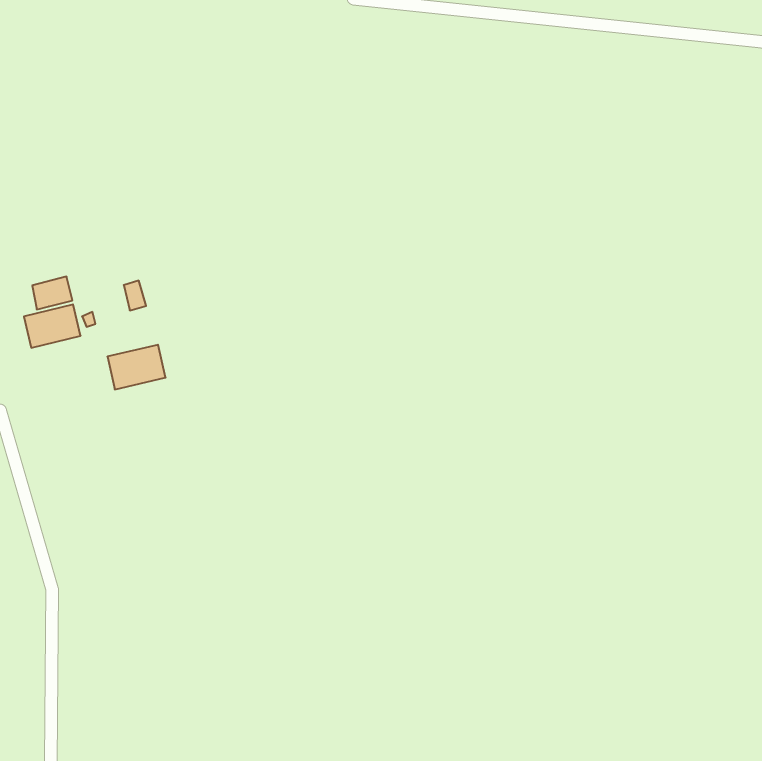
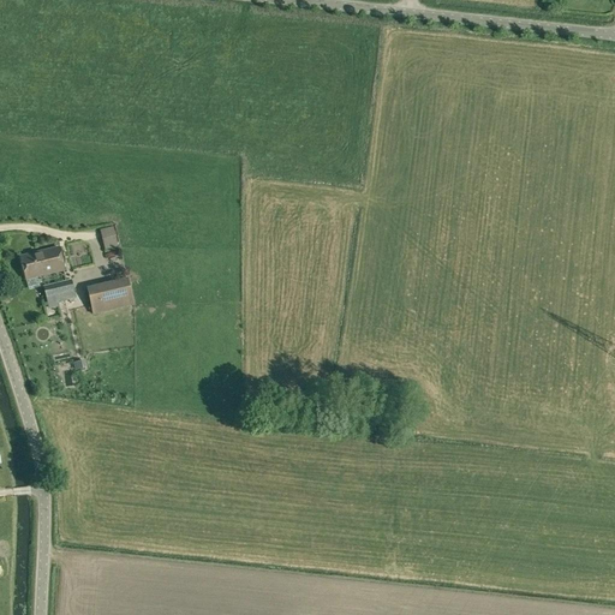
building: [32,277,72,309] -> [43,279,76,305]

